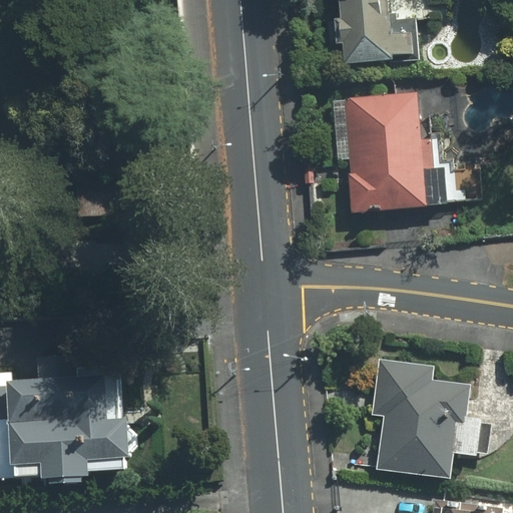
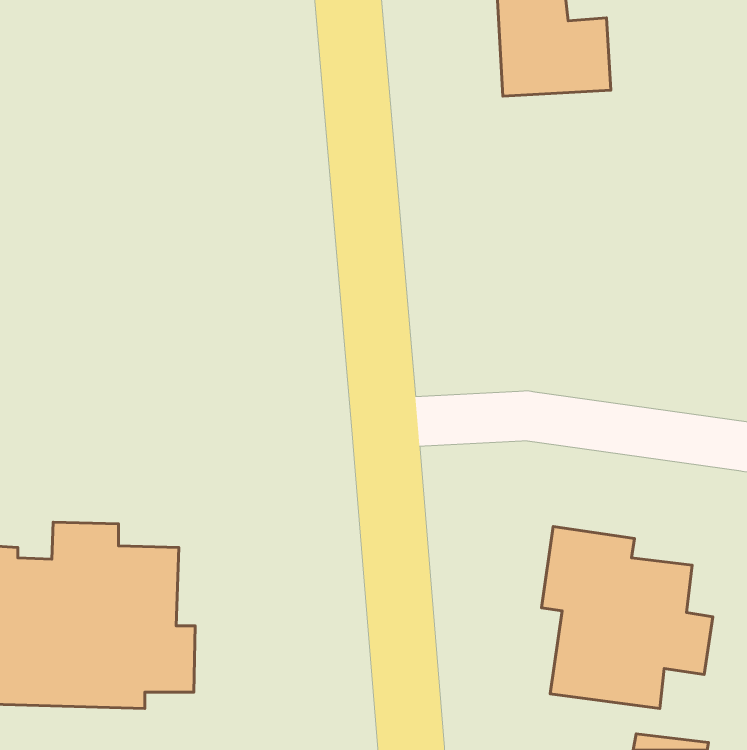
building: [343,86,478,210] -> none

